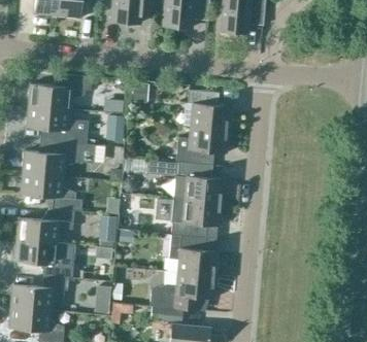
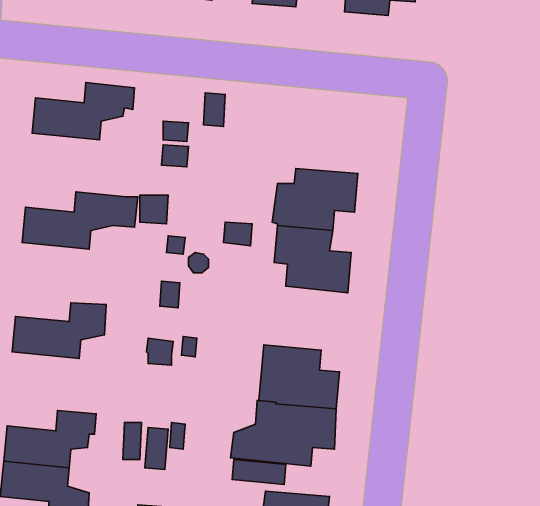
building: [187,91,230,131] -> none
building: [26,106,88,145] -> none
building: [20,173,82,211] -> none
building: [170,198,222,239] -> none
building: [14,240,75,279] -> none

